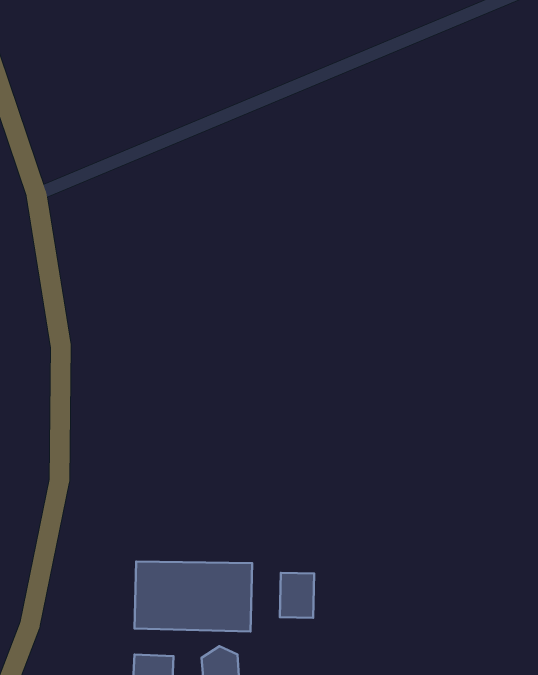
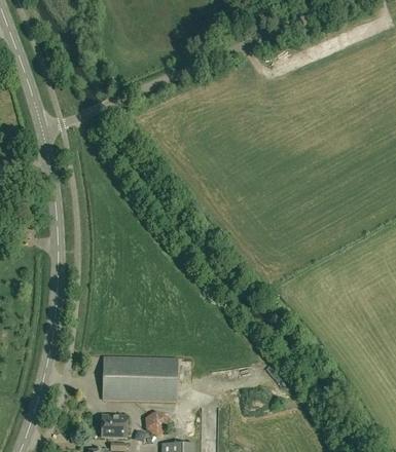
building: [280,573,314,618] -> none

